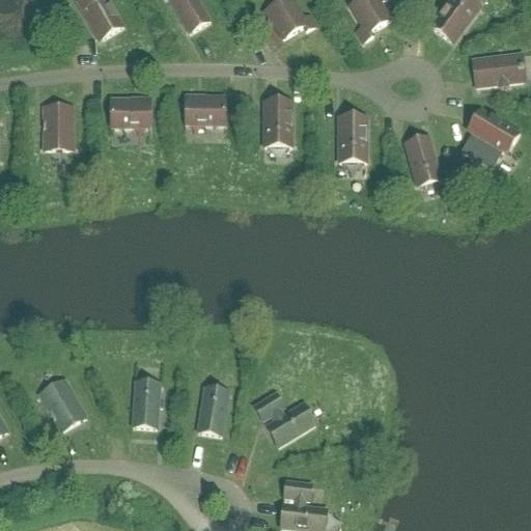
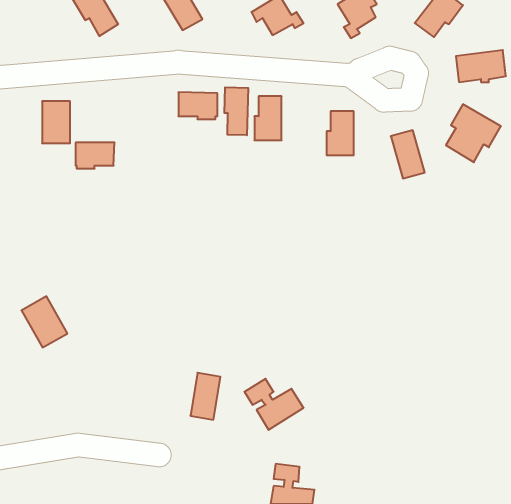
building: none -> [224,87,248,135]
building: [110,99,150,125] -> [76,143,115,169]
building: [38,378,86,430] -> [21,296,67,347]
building: [132,380,159,427] -> none

